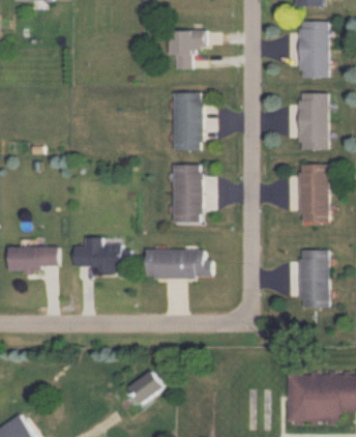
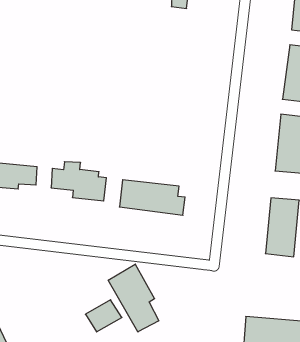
building: [173,92,202,151] -> none
building: [172,165,202,223] -> none
building: none -> [108,264,159,332]

